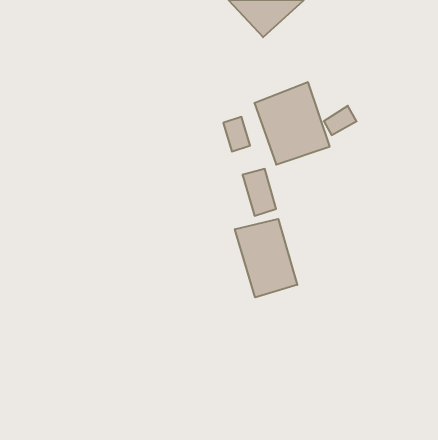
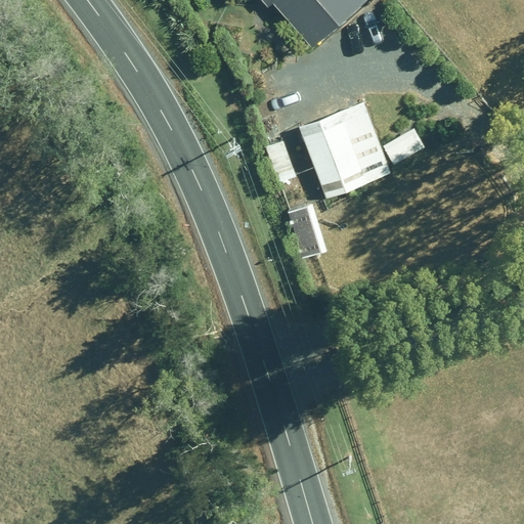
building: [235,219,297,297] -> none

